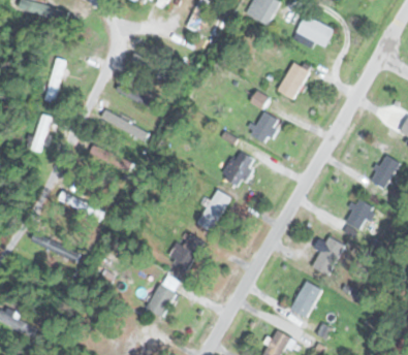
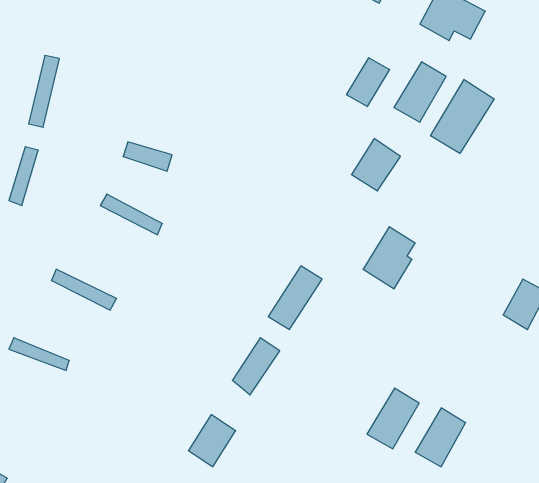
building: none -> [347,58,390,107]
building: none -> [431,79,494,153]
building: [221,149,254,188] -> [363,227,415,289]
building: [311,236,344,275] -> [367,388,419,449]

